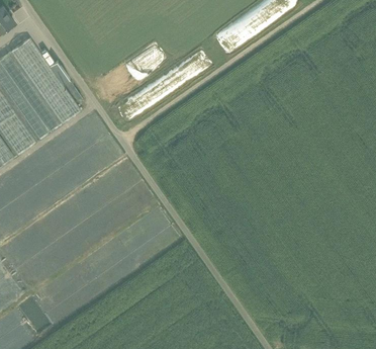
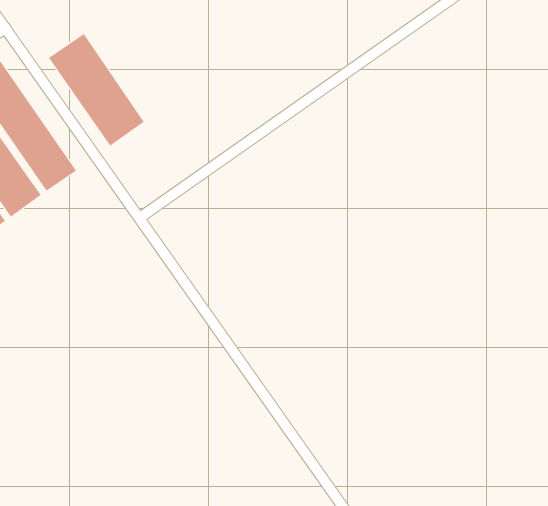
building: none -> [48,33,145,147]

